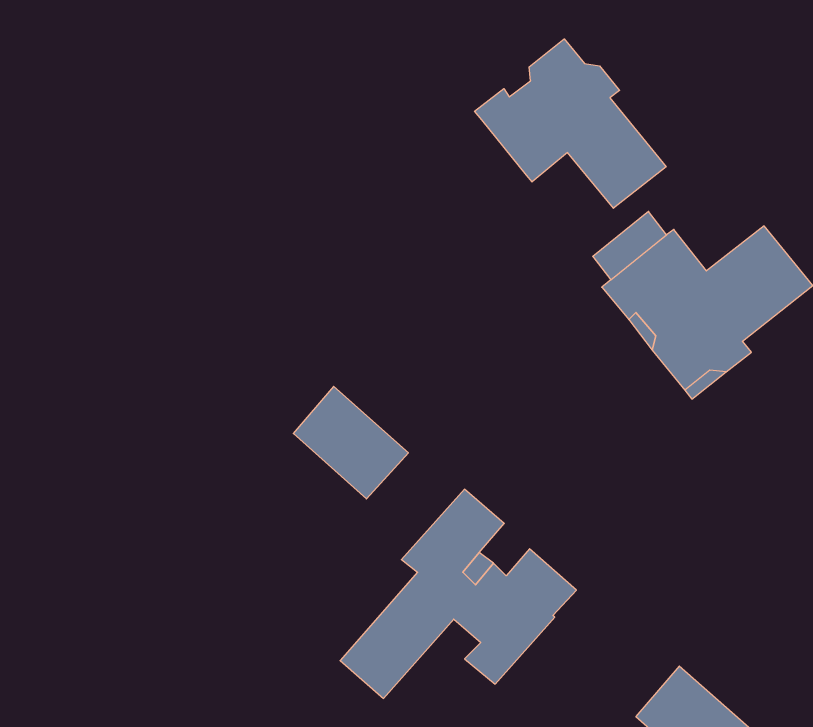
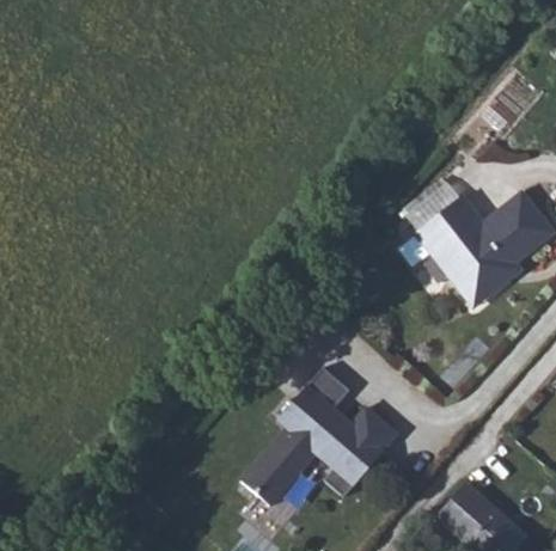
building: [475,39,666,208] -> none
building: [293,386,408,499] -> none

